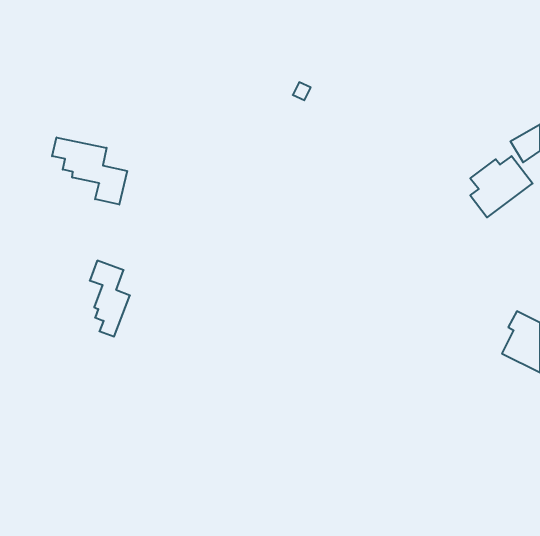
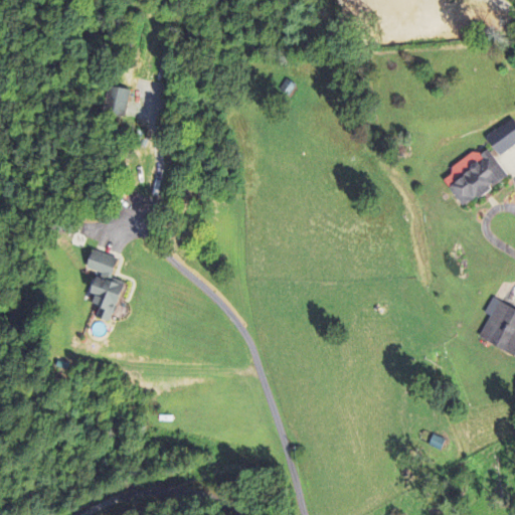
building: none -> [104,85,130,117]
building: [52,137,127,205] -> none

